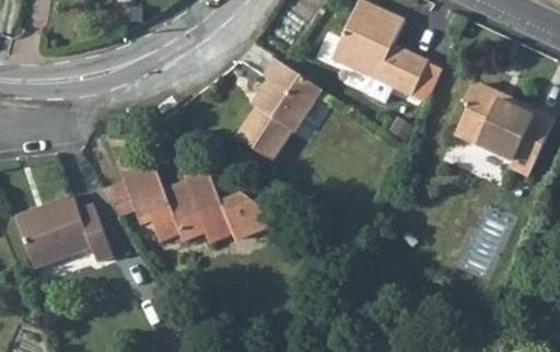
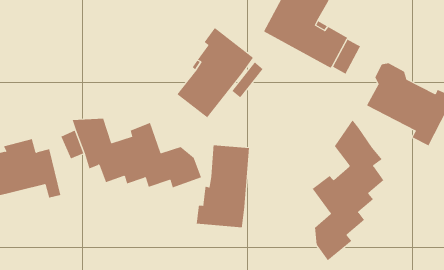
building: none -> [312,120,384,261]
building: none -> [196,144,249,228]

